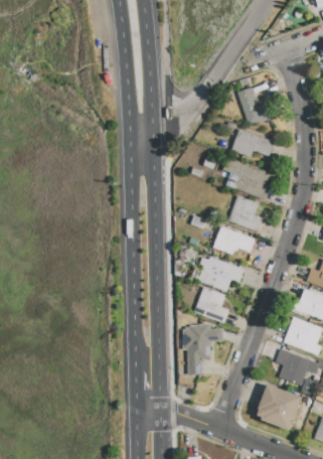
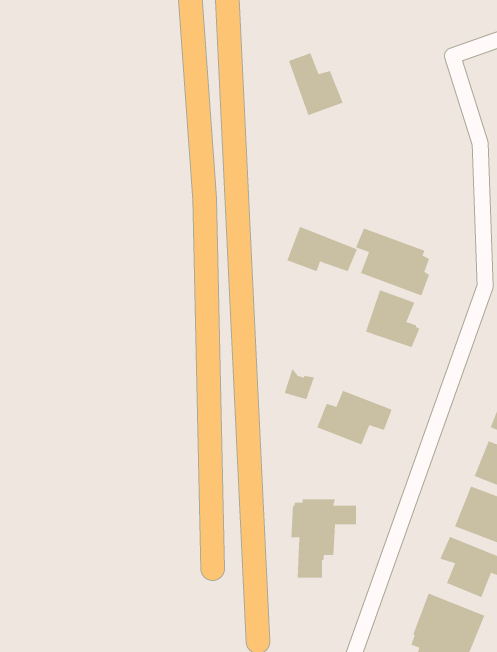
building: [237,88,272,127] -> [288,53,343,116]
building: [231,129,276,157] -> [286,226,358,272]
building: [213,226,256,255] -> none
building: [194,287,228,323] -> none

